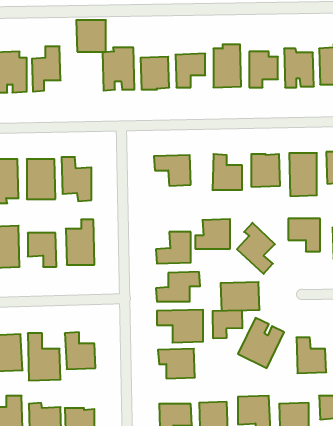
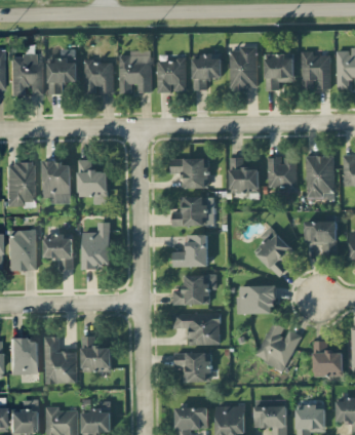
building: [76,20,106,52] -> [84,62,114,93]
building: [195,219,230,249] -> [172,196,207,226]
building: [213,310,242,338] -> none

